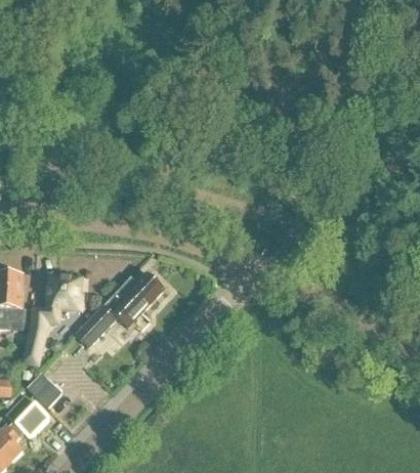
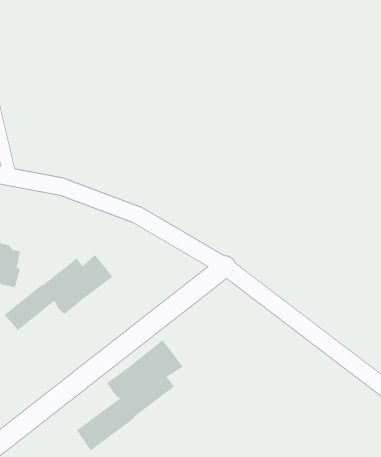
building: none -> [76,339,184,451]

